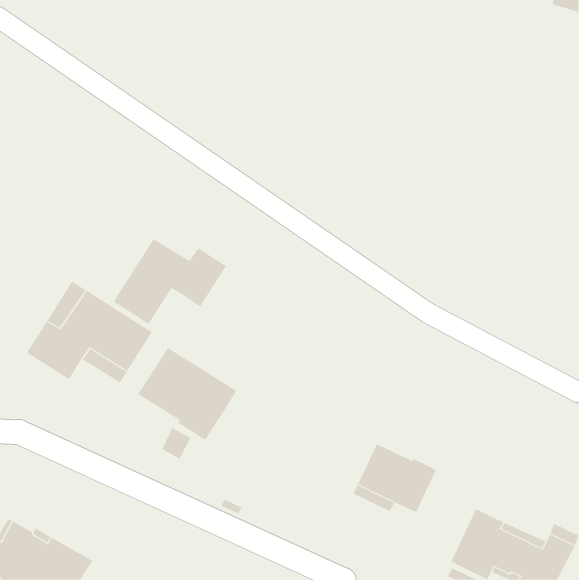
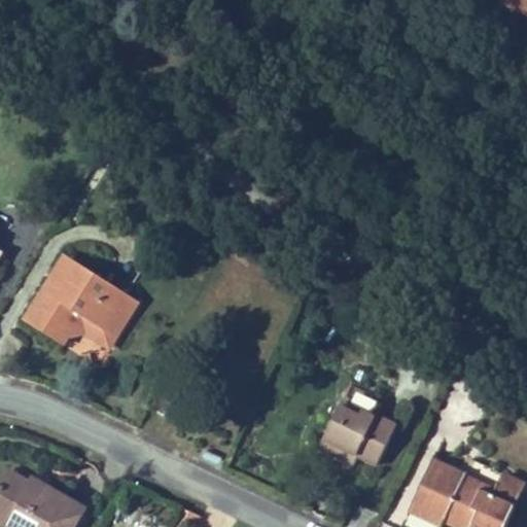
building: [113,239,227,325] -> none
building: [138,347,237,441] -> none

